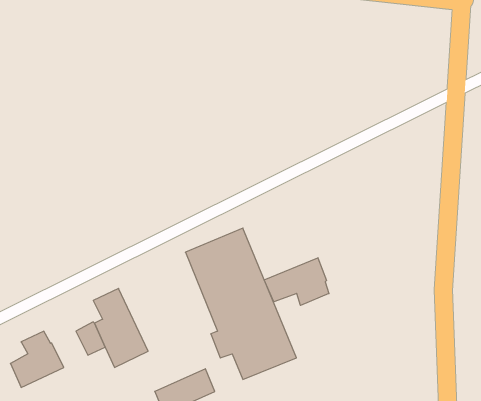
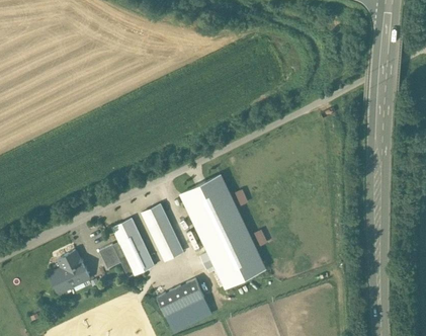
building: [264,258,329,305] -> none
building: none -> [142,205,182,261]

